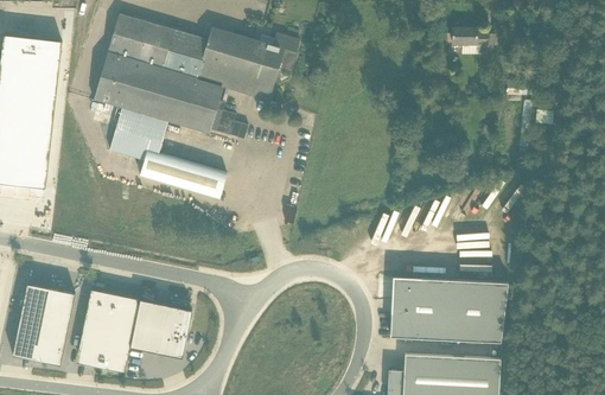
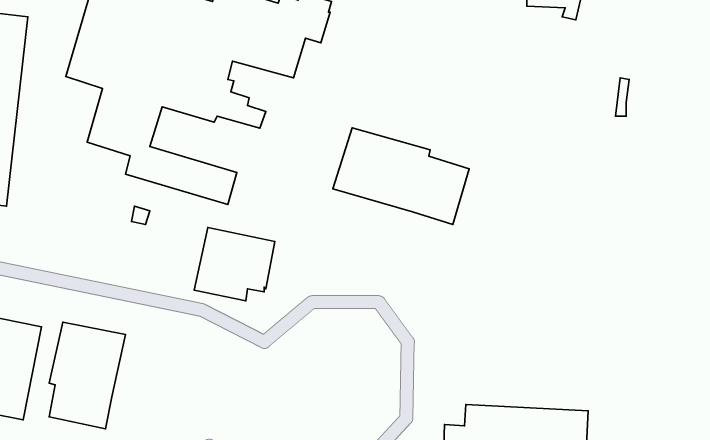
building: none -> [333,128,469,225]
building: [389,276,507,342] -> none
building: [128,299,191,356] -> [194,228,275,301]

